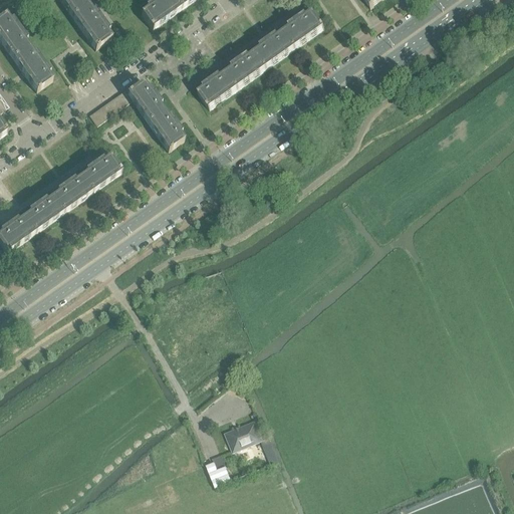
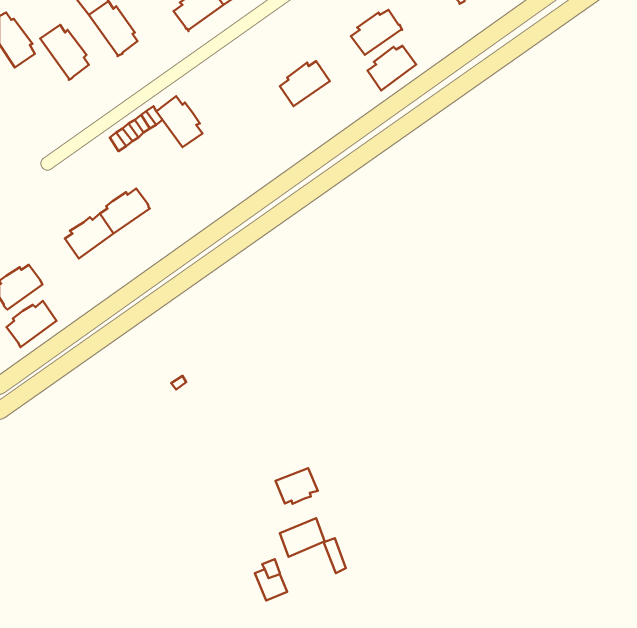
building: [254,29,293,65] -> [367,46,416,91]
building: [12,43,51,87] -> [40,25,89,80]
building: [197,69,236,105] -> none
building: [147,107,183,148] -> none
building: [23,192,63,229] -> [7,301,57,347]
building: none -> [275,468,318,504]

